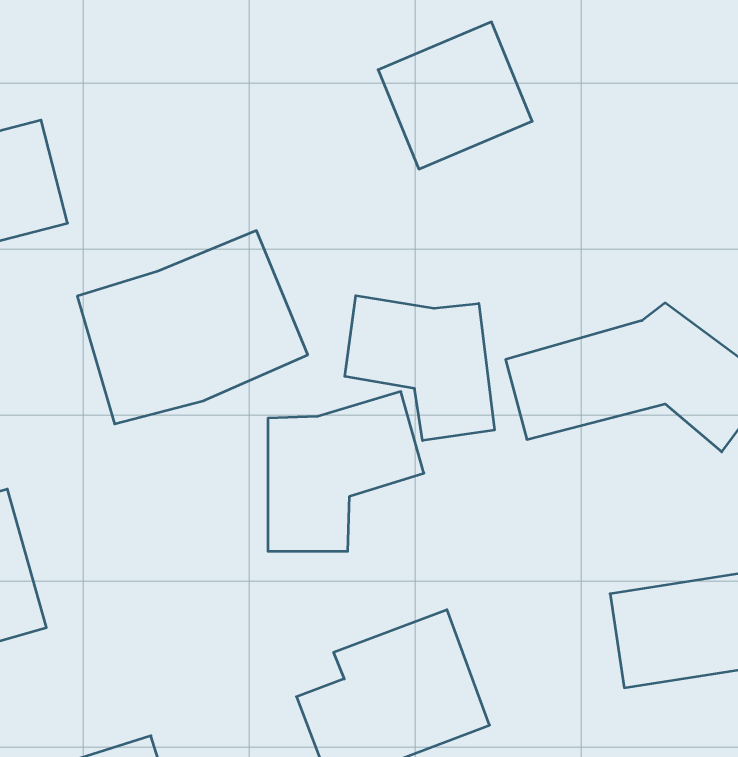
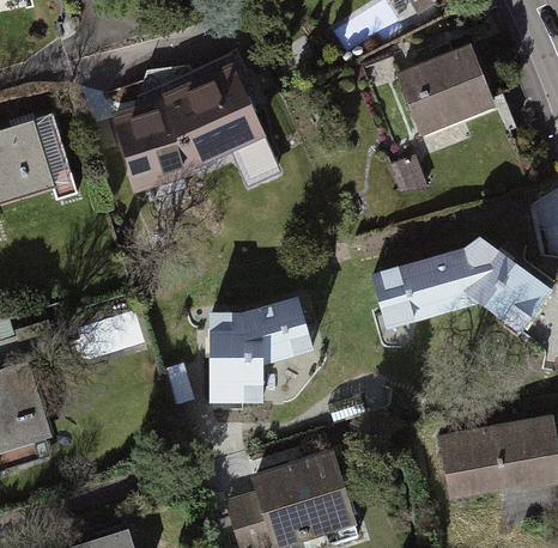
building: [378,22,532,169] -> [390,38,495,138]
building: [77,231,308,424] -> [111,61,267,191]
building: [345,296,494,441] -> none

